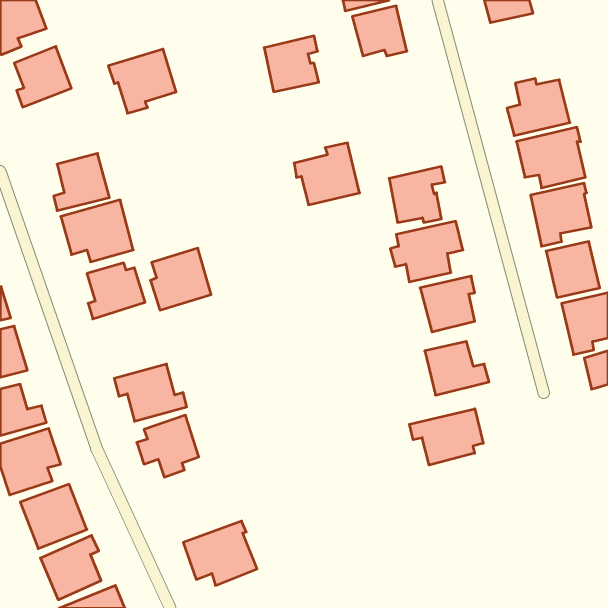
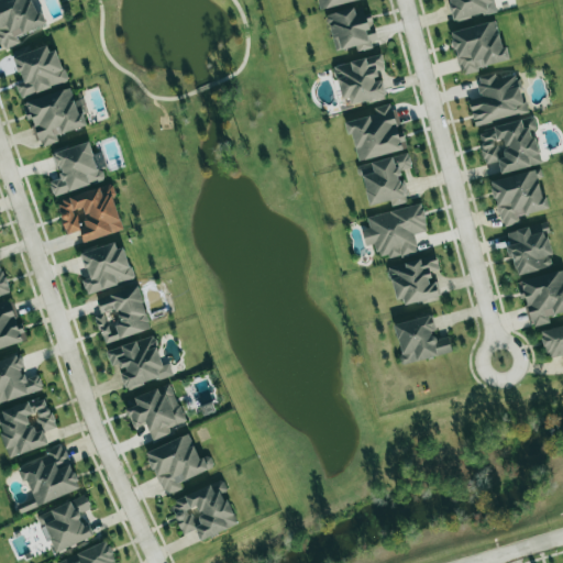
building: none -> [451,21,506,73]
building: [264,36,319,92] -> [335,55,386,107]
building: [108,49,176,113] -> [22,88,85,147]
building: [294,143,360,205] -> [344,103,405,161]
building: [150,248,211,310] -> [95,286,151,343]
building: [409,409,483,465] -> none
building: none -> [145,434,214,497]

